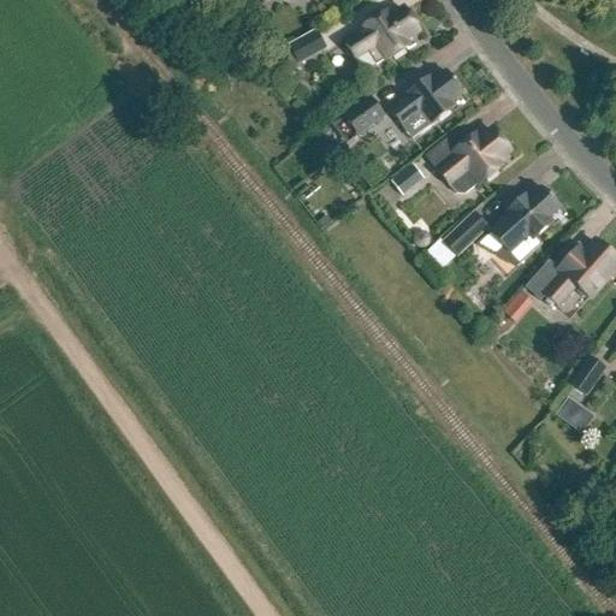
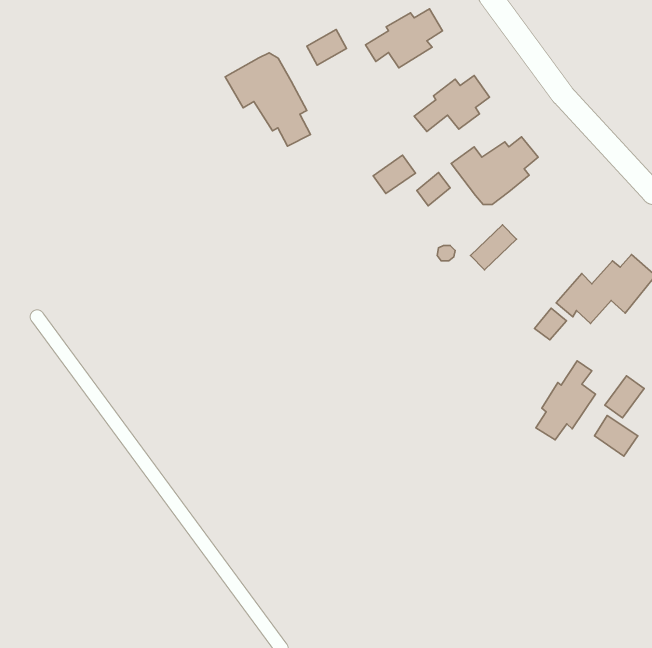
building: none -> [225,53,310,146]
building: [346,97,386,134] -> [373,155,415,194]
building: [491,186,559,263] -> none
building: none -> [536,361,595,440]

